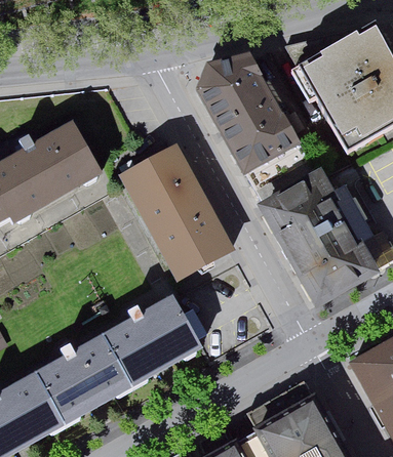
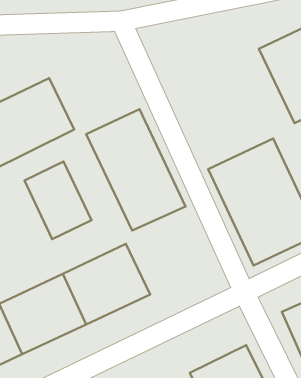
building: [198,53,302,179] -> none
building: none -> [24,162,91,239]

